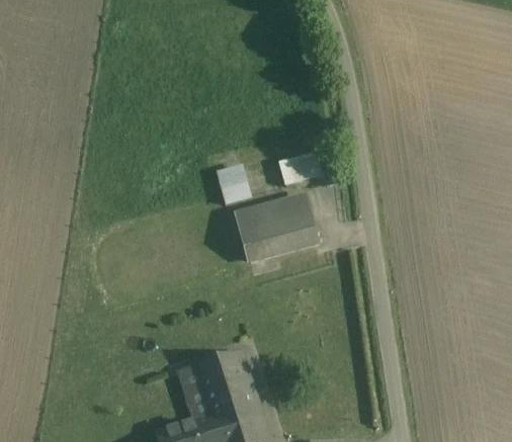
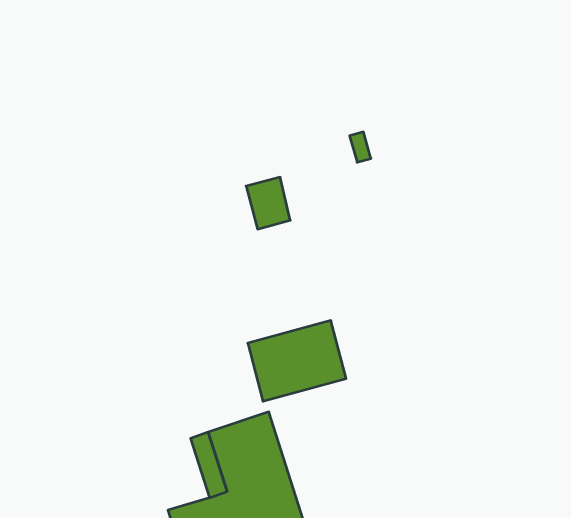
building: [281,151,325,182] -> none
building: [234,195,313,260] -> [248,321,346,401]

